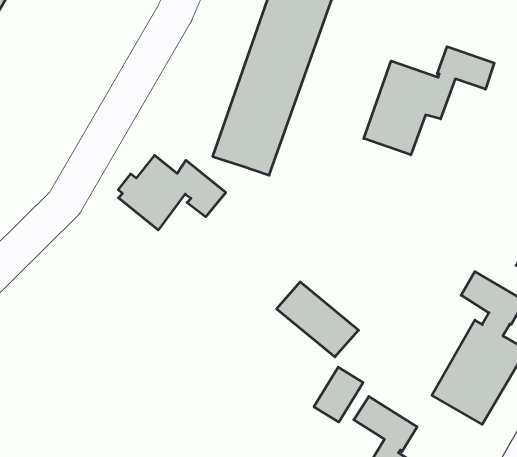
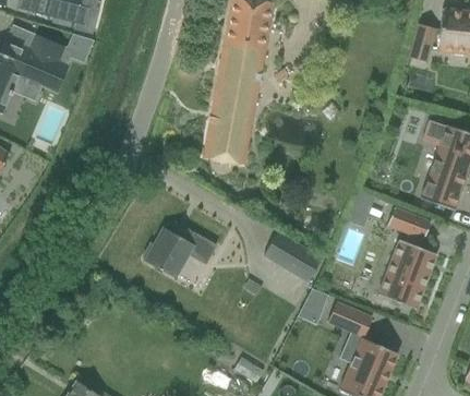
building: [364,47,494,155] -> none
building: [118,155,226,230] -> [144,228,217,278]

